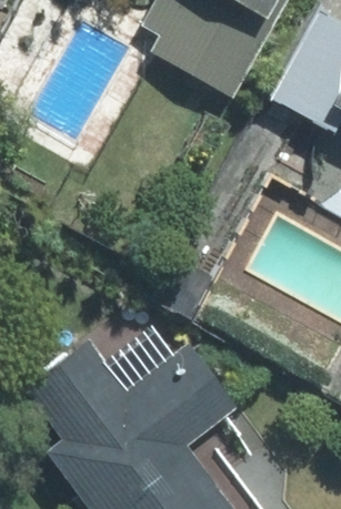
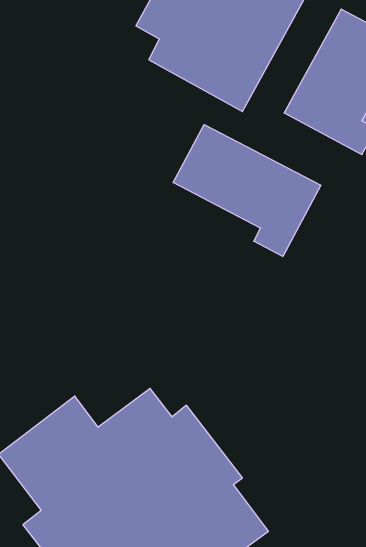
building: none -> [173,125,321,256]

